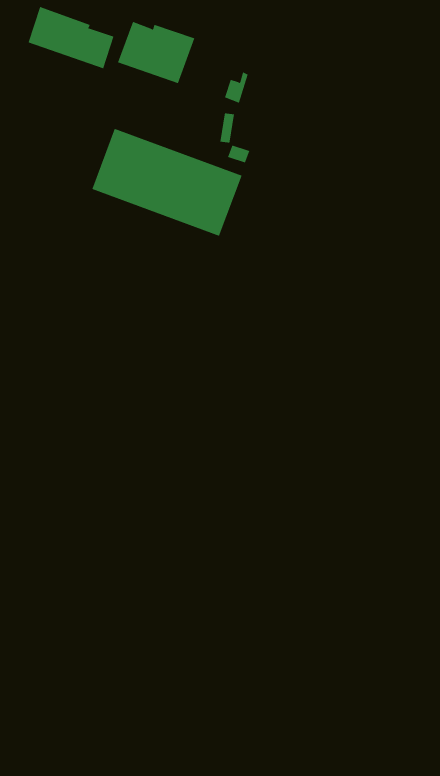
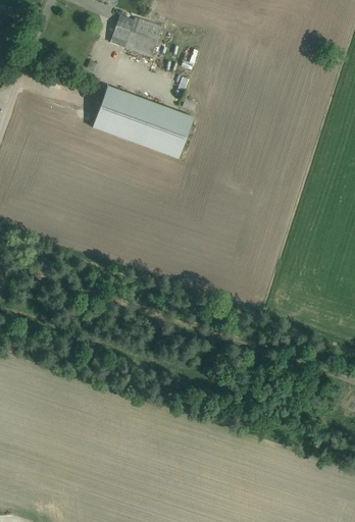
building: [28,6,114,69] -> none

